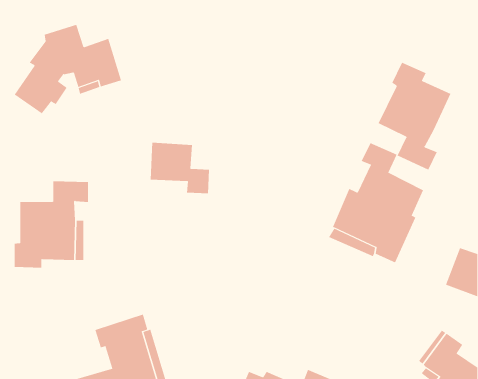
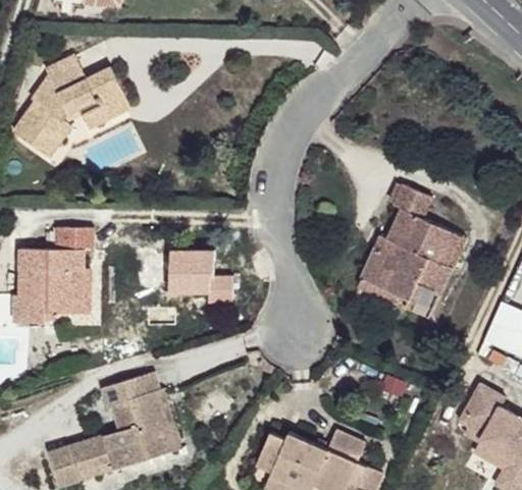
building: [378,62,451,170] -> none
building: [150,142,210,194] -> [169,251,234,307]

